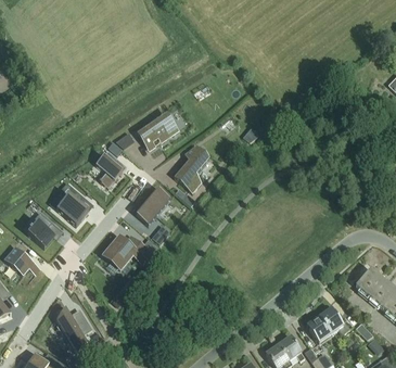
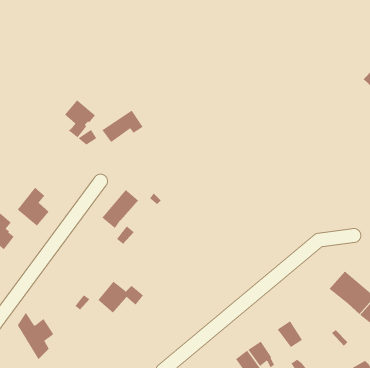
building: [173,144,208,192] -> none
building: [94,150,125,187] -> [64,100,96,138]
building: [103,237,148,268] -> [97,281,144,314]
building: [318,306,349,333] -> none

